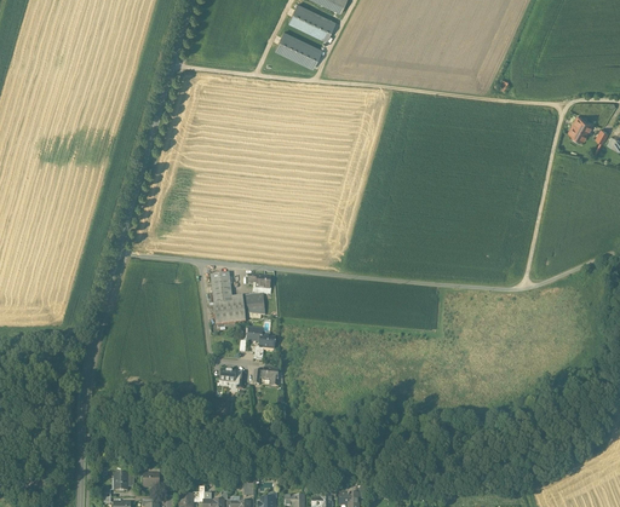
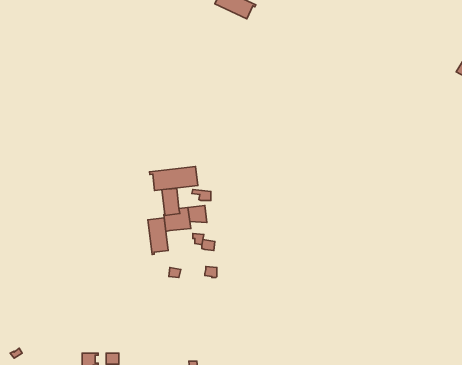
building: none -> [150,167,198,190]
building: none -> [148,218,168,254]

